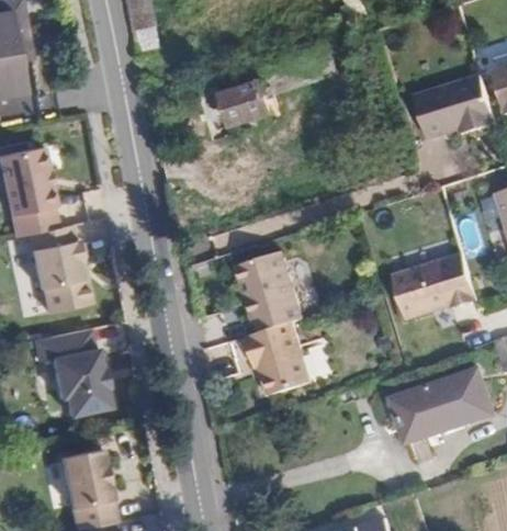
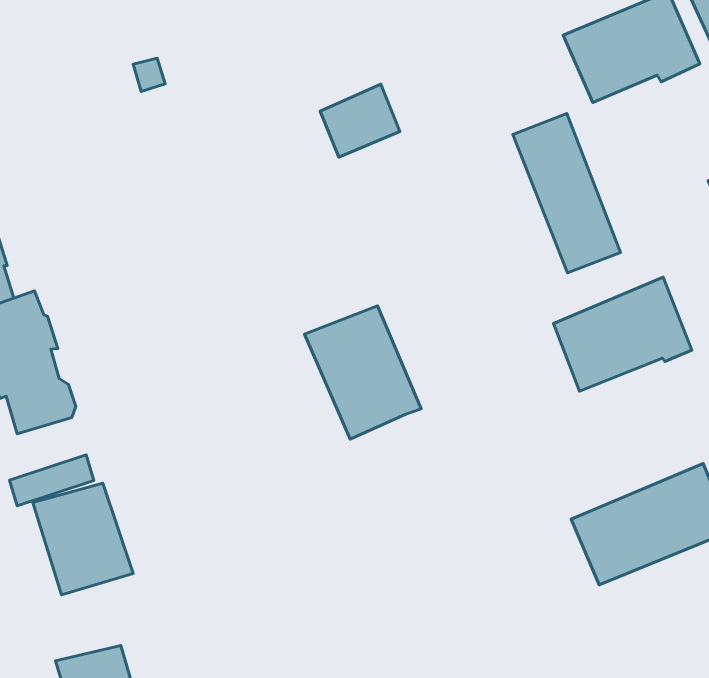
building: [222,79,270,122] -> [320,84,400,157]
building: none -> [513,113,620,273]
building: [244,321,330,394] -> none

